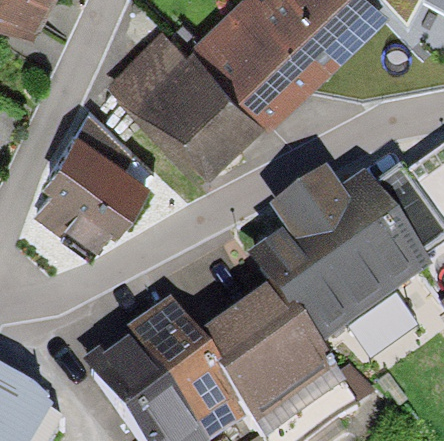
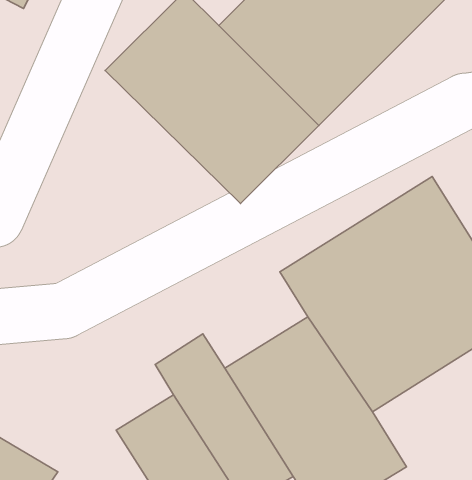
building: [41,134,157,249] -> none

